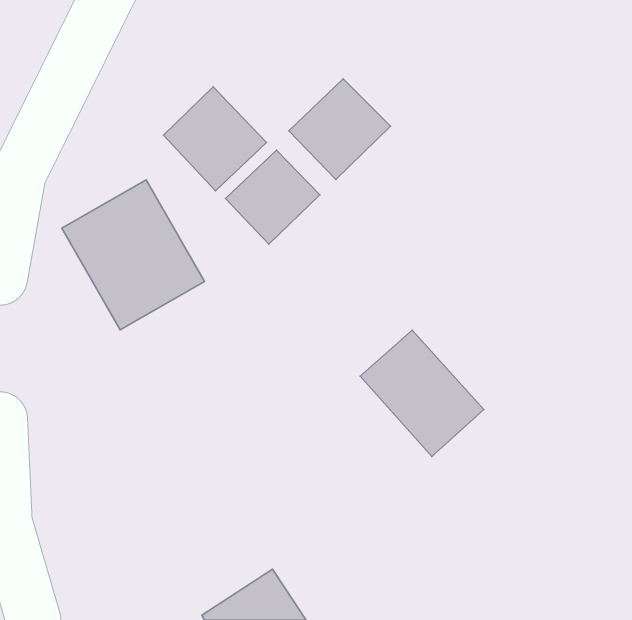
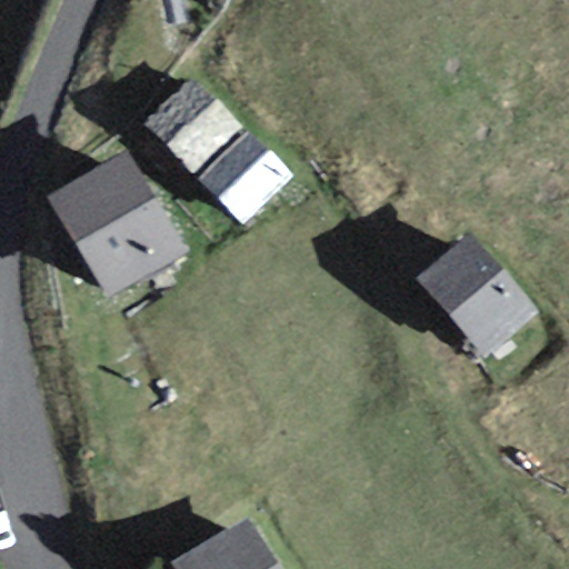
building: [289,79,390,179] -> none
building: [360,330,484,457] -> [421,243,532,357]

